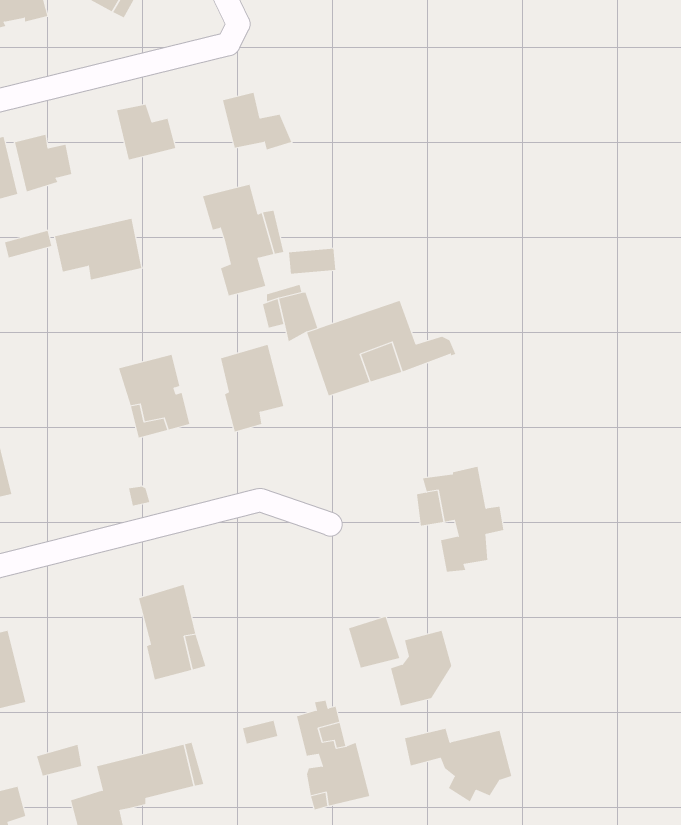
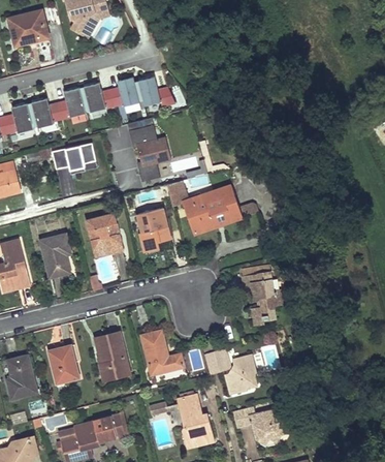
building: none -> [110,76,139,106]
building: none -> [58,90,87,119]
building: none -> [40,234,70,277]
building: none -> [141,330,184,373]
building: none -> [49,343,79,383]

